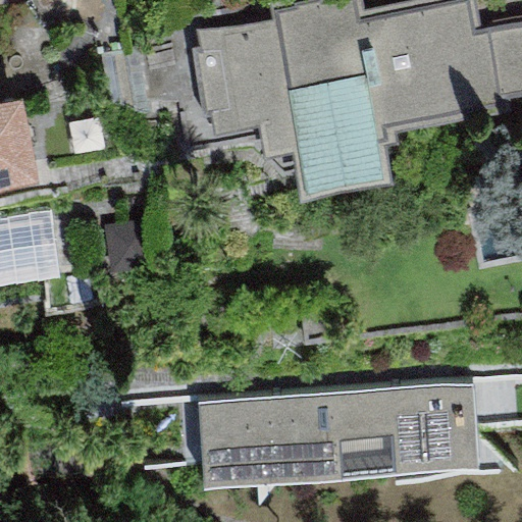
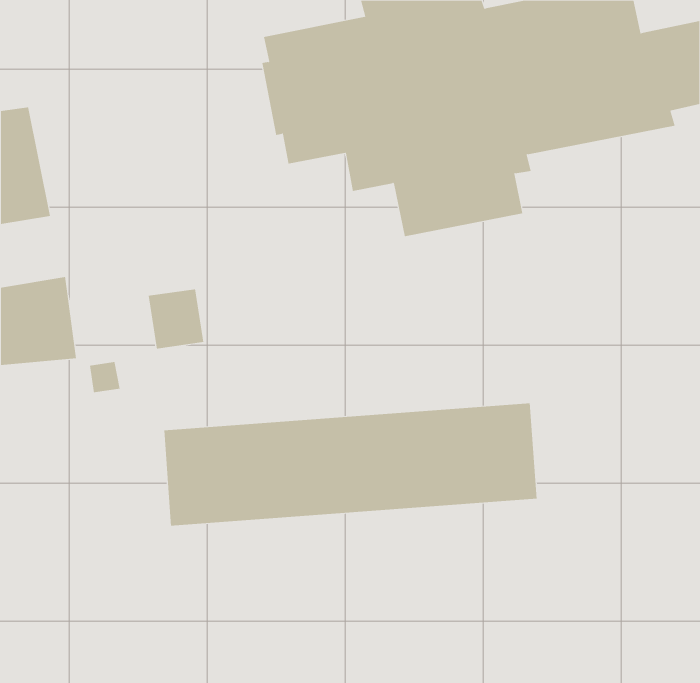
building: [199,385,477,477] -> [163,403,537,526]

